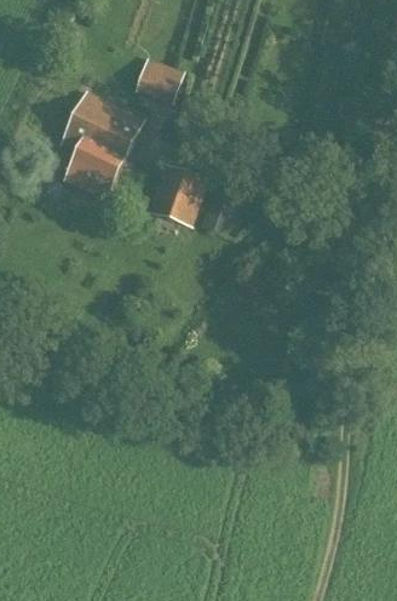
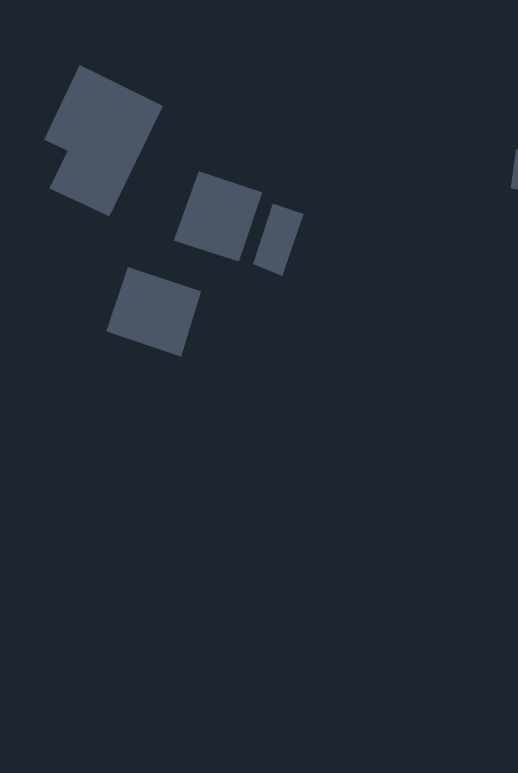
building: [140,61,188,103] -> none
building: none -> [106,266,202,358]

